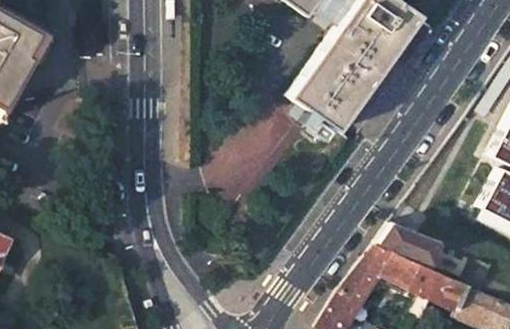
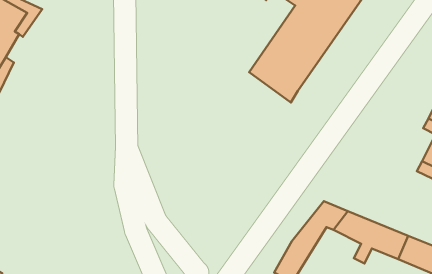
building: [378,221,442,265] -> none

